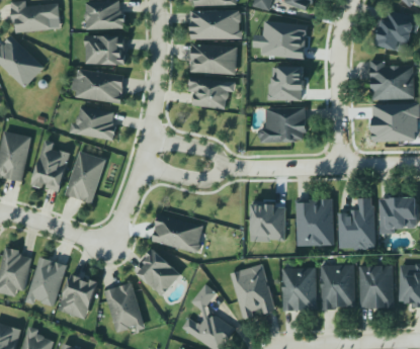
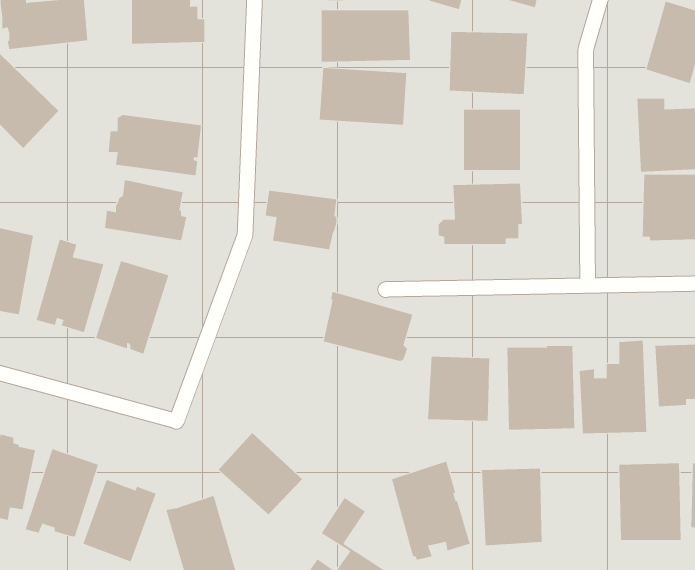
building: [86,35,125,66] -> none
building: [188,77,229,110] -> [265,190,337,250]
building: [153,213,203,253] -> [323,291,413,361]
building: [320,265,355,310] -> none

